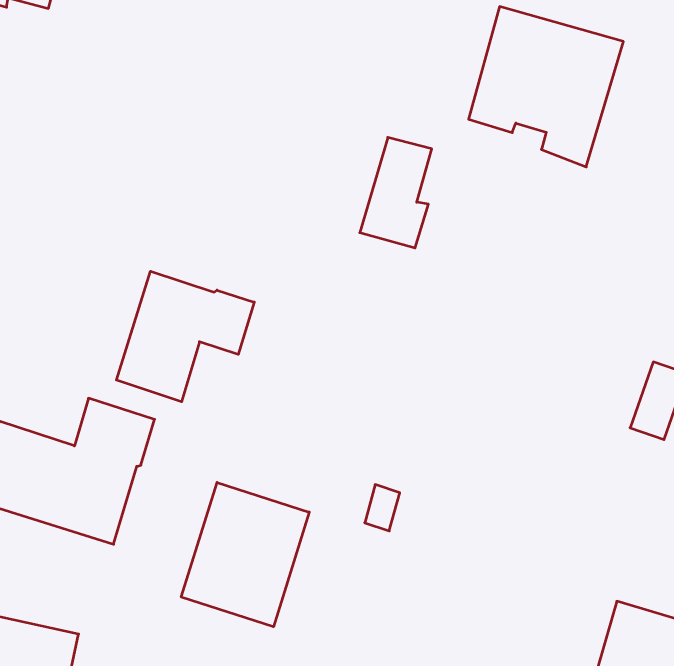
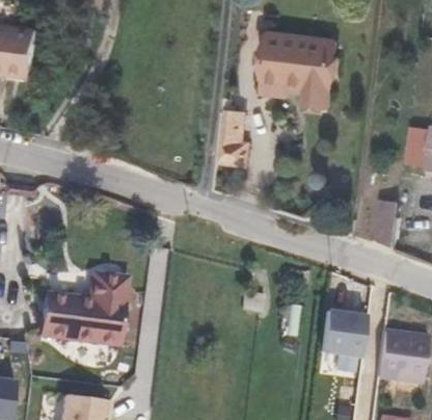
building: [116,271,254,402] -> none
building: [181,482,309,627] -> none
building: none -> [321,312,366,359]

